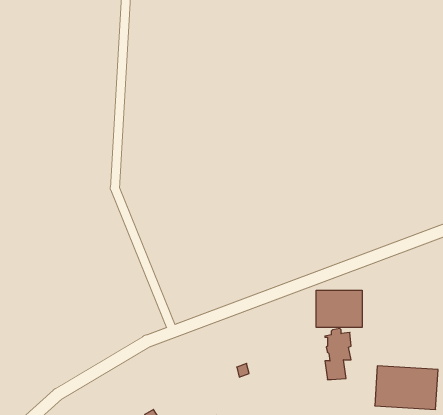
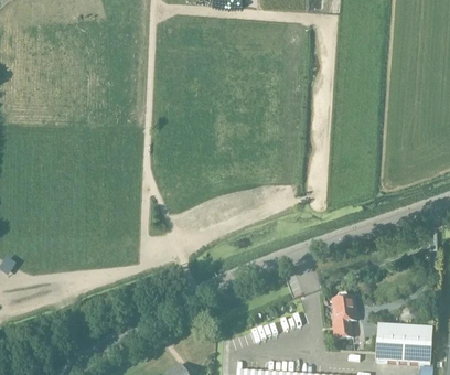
building: [316,290,362,327] -> none

